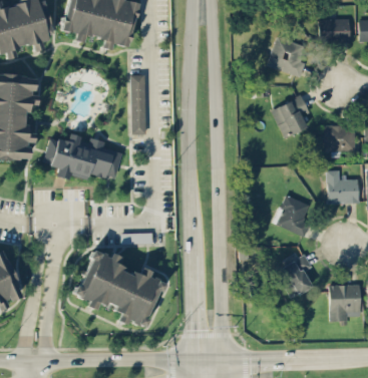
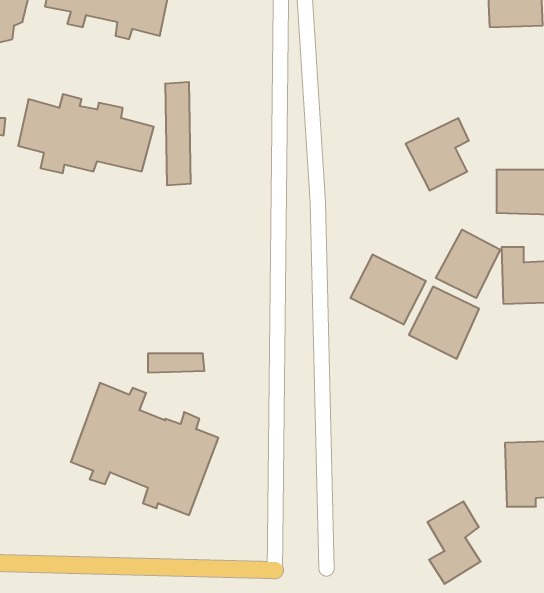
building: [267,35,307,77] -> none
building: [43,133,122,179] -> [18,94,154,173]
building: none -> [436,230,500,298]
building: none -> [350,254,426,325]
building: [282,251,313,299] -> [427,501,481,584]

